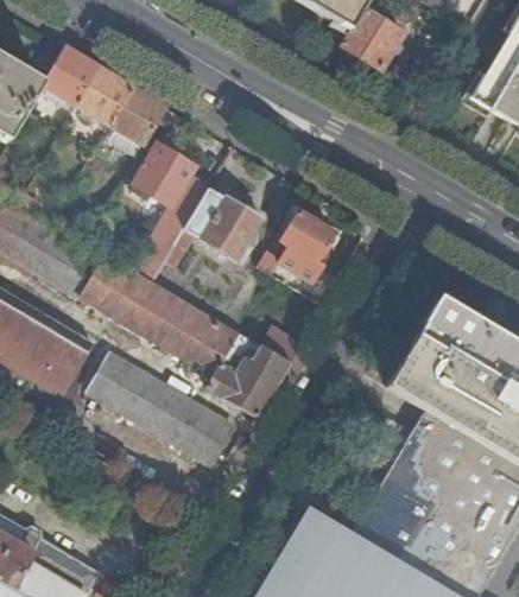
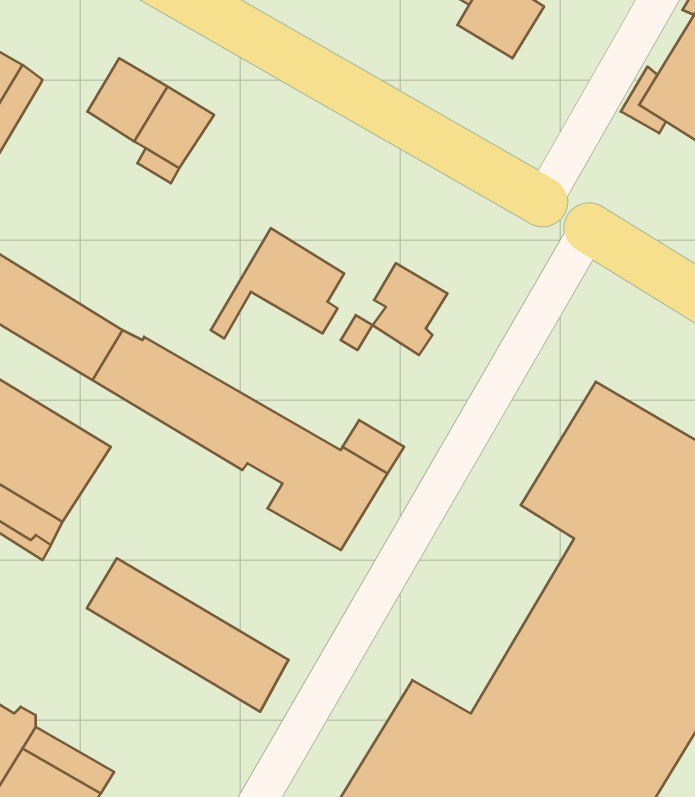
building: [44,46,100,104] -> none
building: [131,144,209,281] -> none
building: [89,354,233,463] -> [87,558,289,712]

